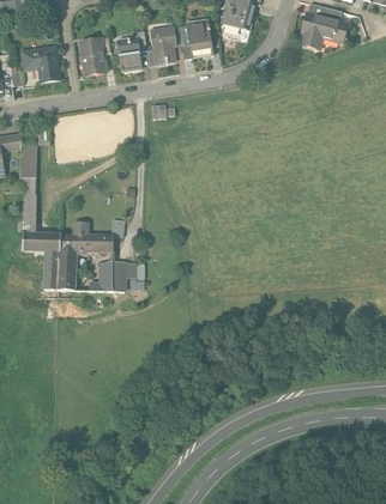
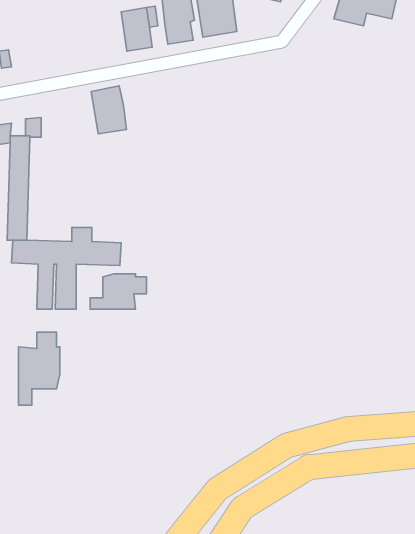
building: [77,36,107,77] -> [91,86,126,134]
building: [18,43,61,84] -> none
building: none -> [19,332,60,405]

